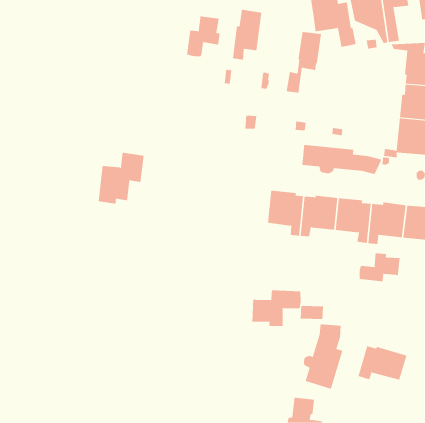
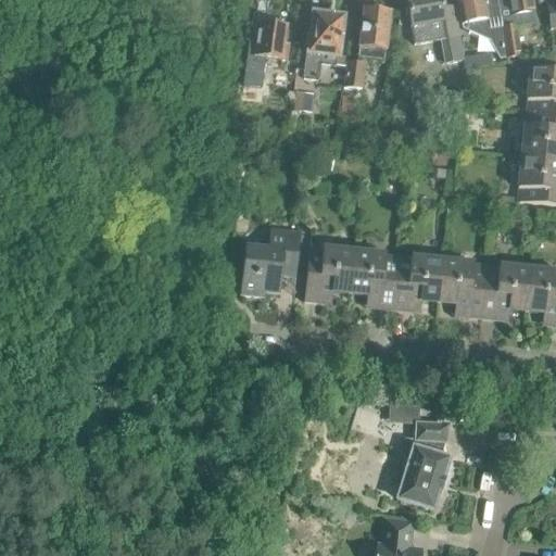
building: [286,31,322,93] -> [344,8,391,88]
building: [302,144,382,175] -> none
building: [98,152,144,204] -> [240,227,301,294]
building: none -> [303,244,354,300]
building: [359,252,400,282] -> none
building: [252,290,301,327] -> none
building: [358,345,407,381] -> none

